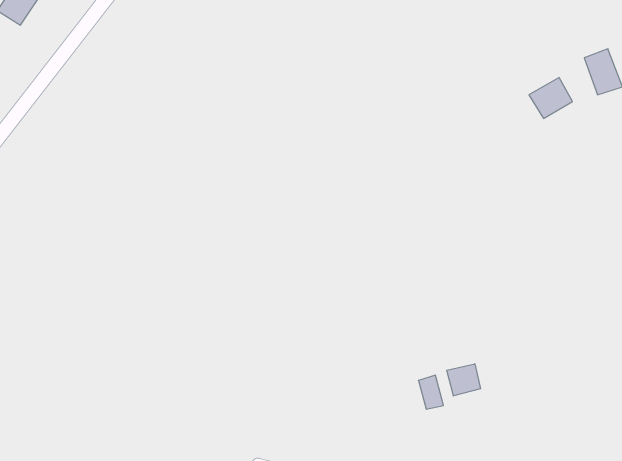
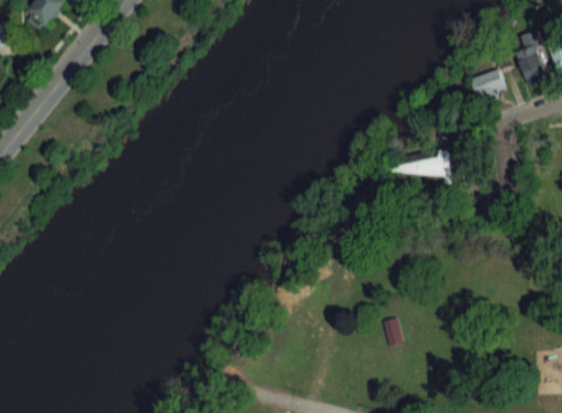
building: none -> [396,152,460,183]
building: [447,364,481,396] -> none

